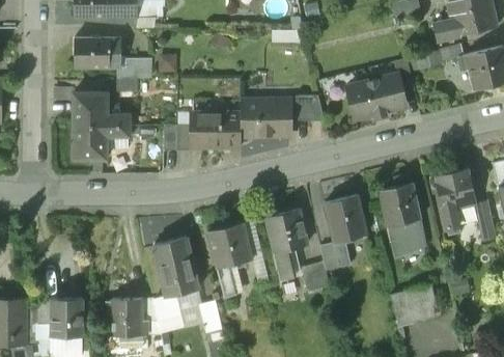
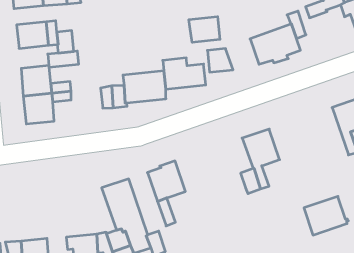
building: none -> [189,17,220,42]
building: [379,173,422,255] -> none
building: [267,209,308,279] -> none
building: [305,262,331,297] -> none

